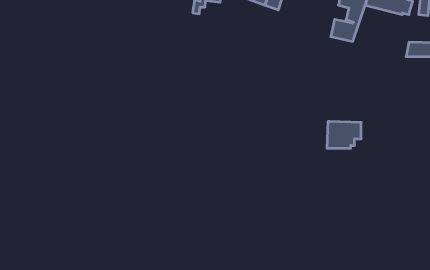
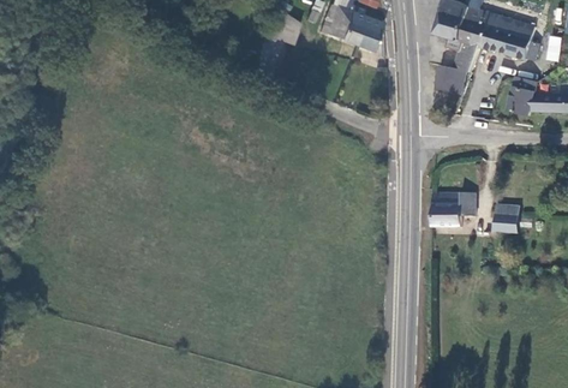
building: none -> [509,76,537,114]
building: none -> [495,193,520,231]

